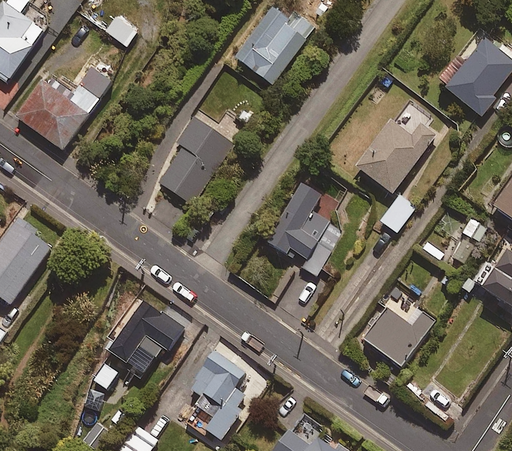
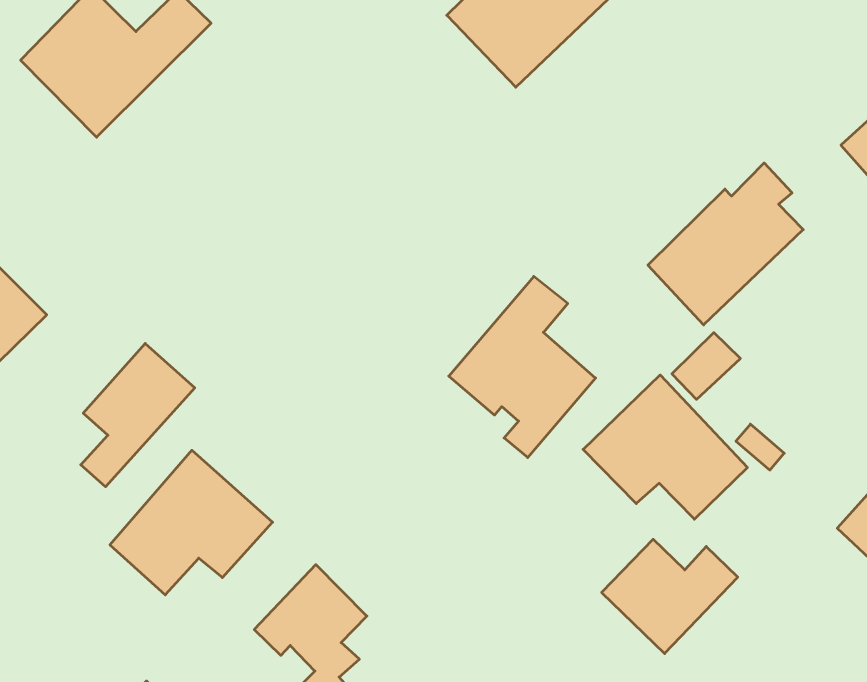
building: [158,112,235,204] -> none
building: none -> [583,375,747,519]
building: none -> [81,343,195,487]

